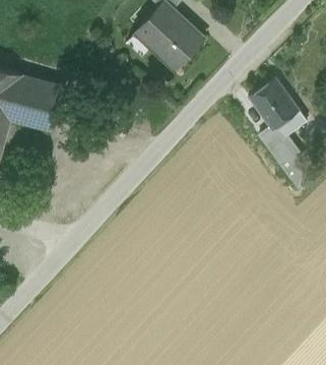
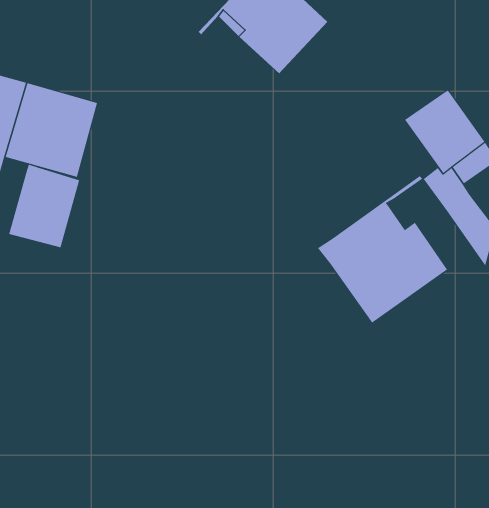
building: none -> [8,164,80,248]
building: none -> [317,175,448,324]

